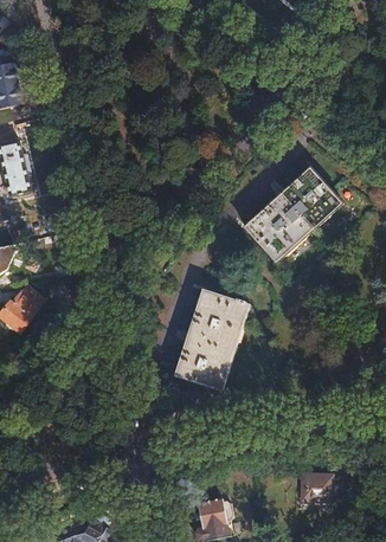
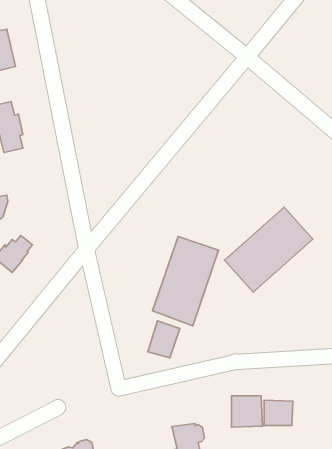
building: [244,168,342,263] -> [225,207,313,292]
building: none -> [148,321,180,358]
building: none -> [232,396,262,427]

